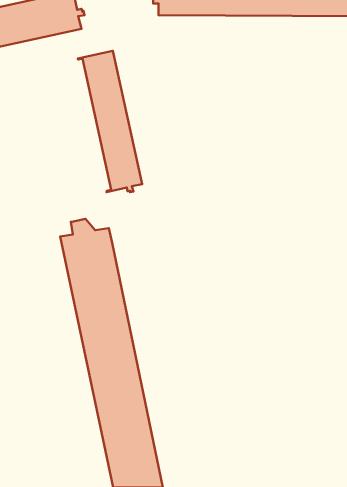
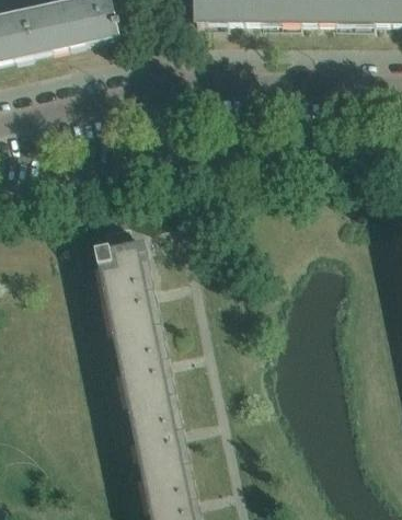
building: [78,51,142,192] -> none

